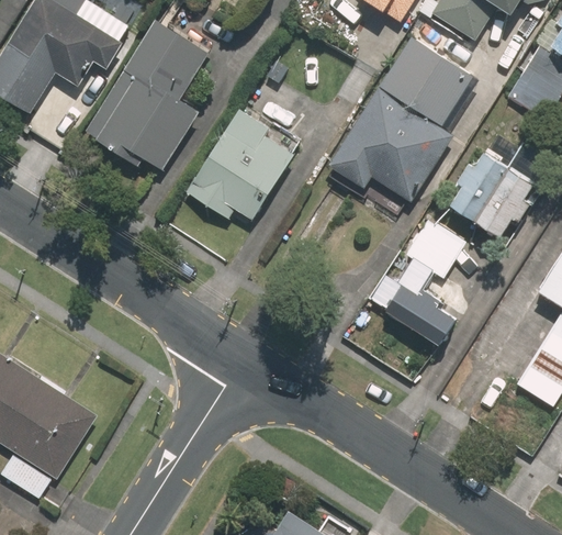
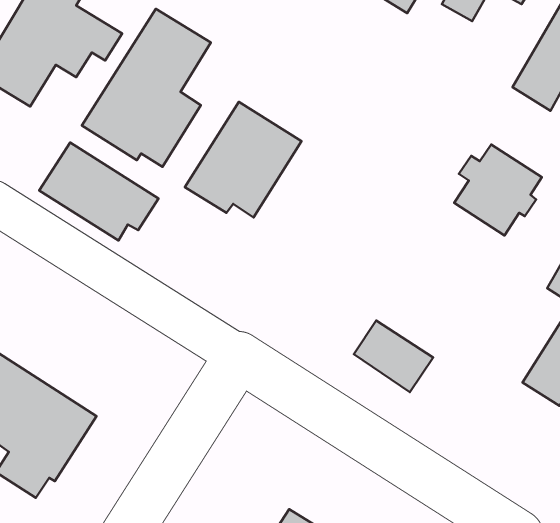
building: [329,36,471,203] -> none
building: none -> [39,142,159,241]
building: [402,218,463,279] -> none
building: [384,274,462,344] -> [354,320,433,392]

